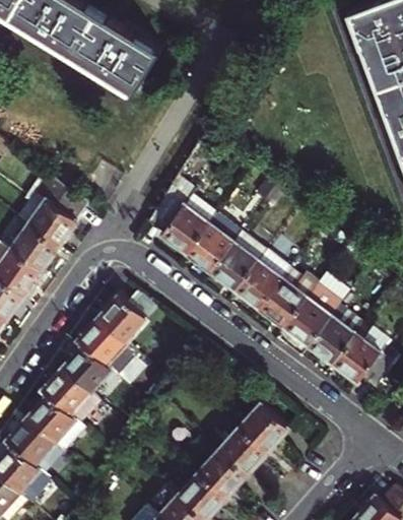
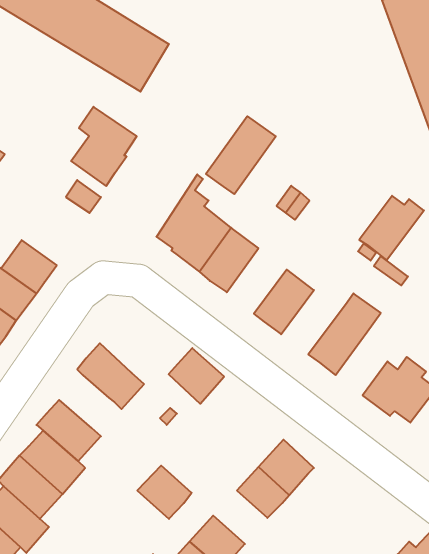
building: none -> [206,116,276,194]
building: [24,178,83,249] -> [71,107,137,186]
building: [208,234,262,292] -> none
building: [257,271,315,329] -> [359,196,424,260]
building: [94,296,144,345] -> [169,348,224,404]
building: [306,309,358,366] -> none
building: [58,347,108,395] -> none
building: [196,451,245,499] -> [137,466,192,519]

